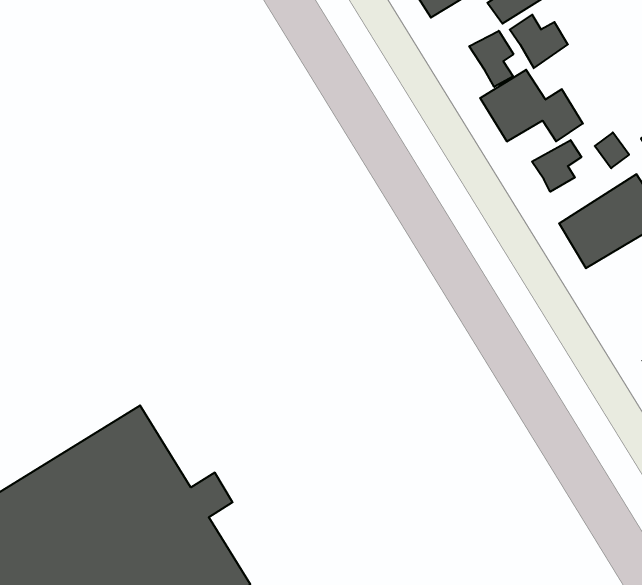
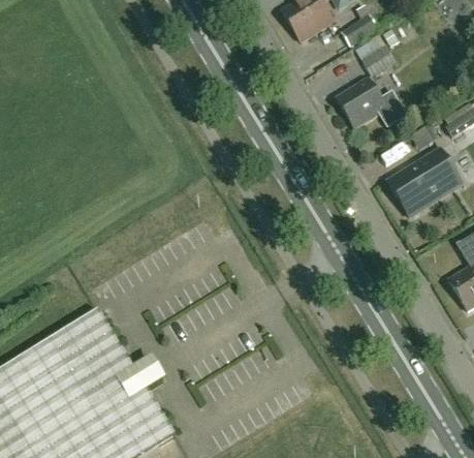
building: [469,31,513,87] -> none
building: [532,140,581,192] -> none

